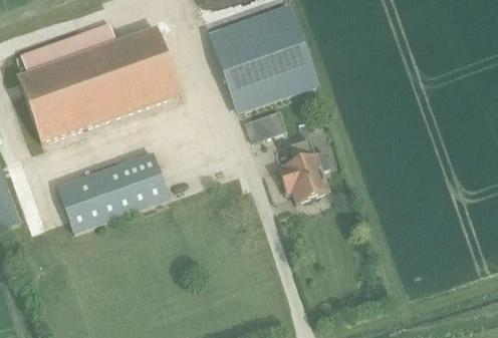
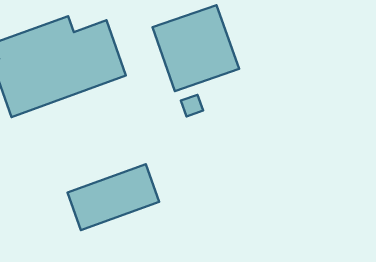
building: [279,138,330,202] -> none
building: [59,152,170,232] -> [67,164,159,230]

